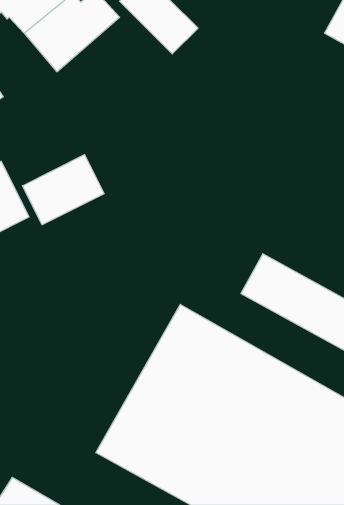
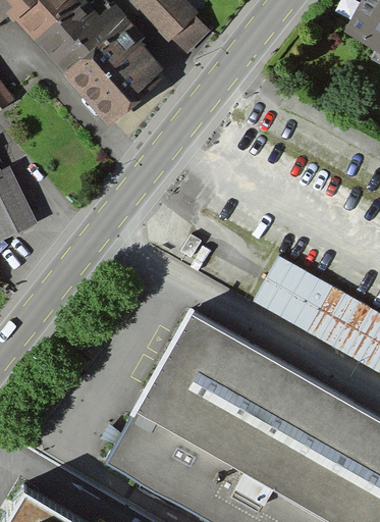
building: none -> [66,18,167,122]
building: [22,155,104,225] -> none

